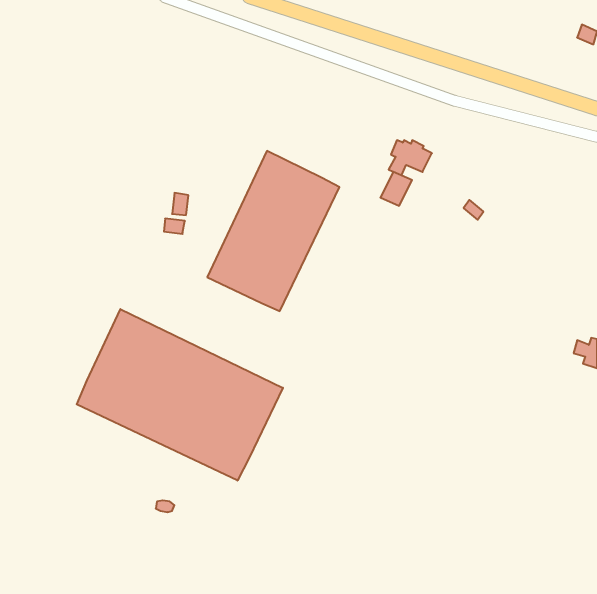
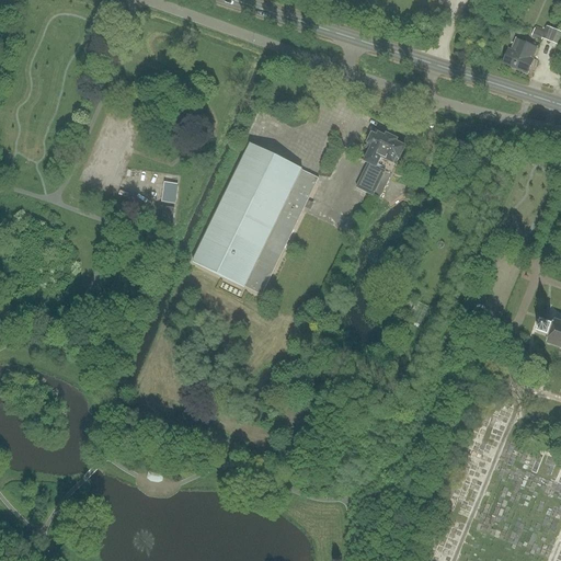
building: none -> [501,35,537,69]
building: [77,309,283,481] -> none

